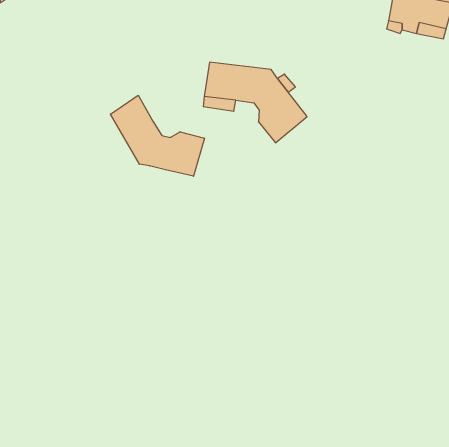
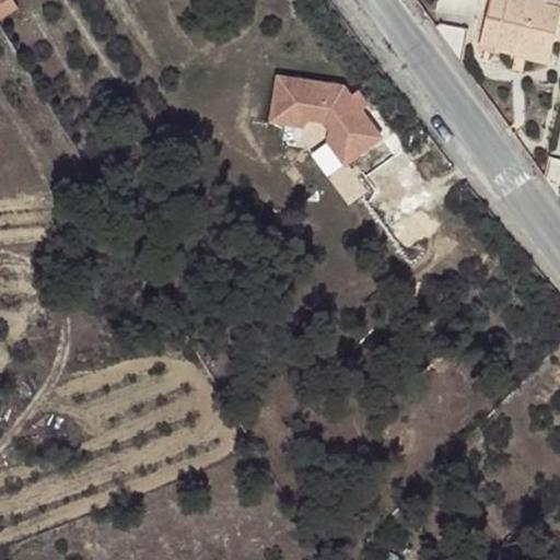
building: [110,95,204,176] -> none

